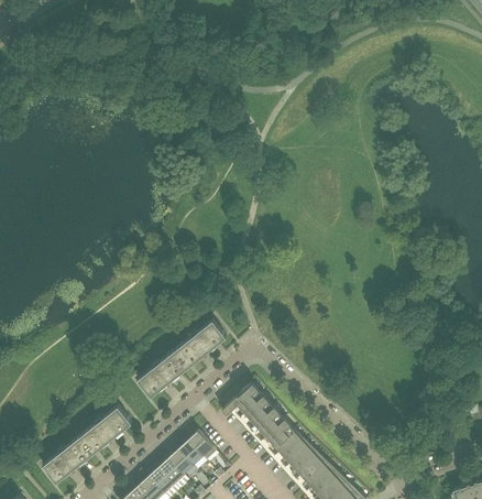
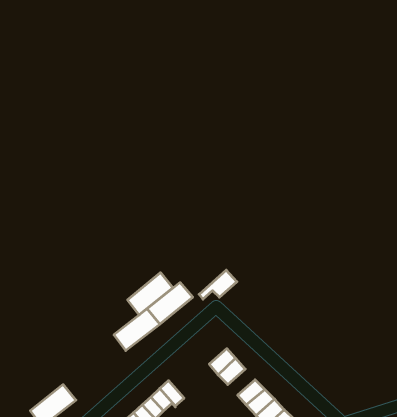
building: none -> [128,273,173,315]
building: [220,382,263,415] -> [199,270,237,299]
building: [78,406,130,454] -> none
building: [264,419,295,448] -> none

